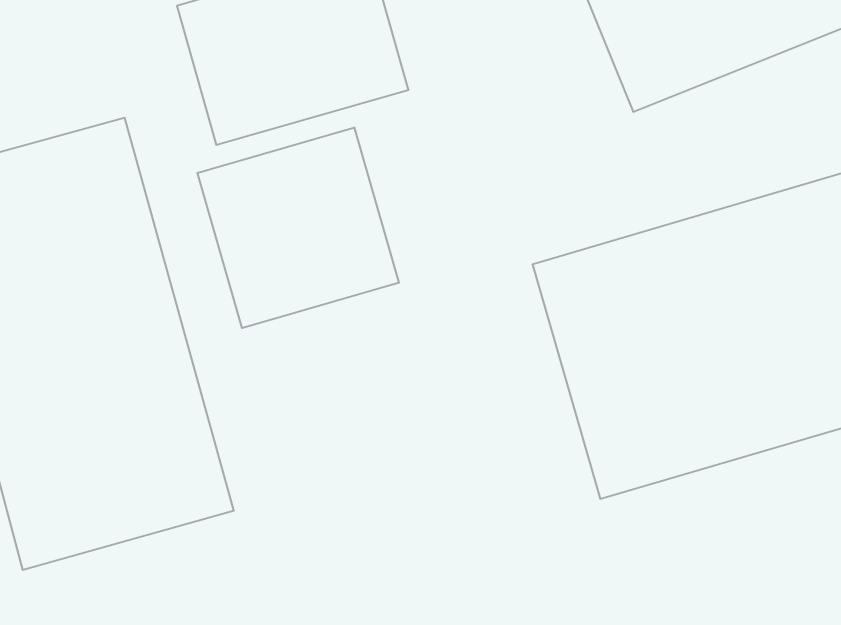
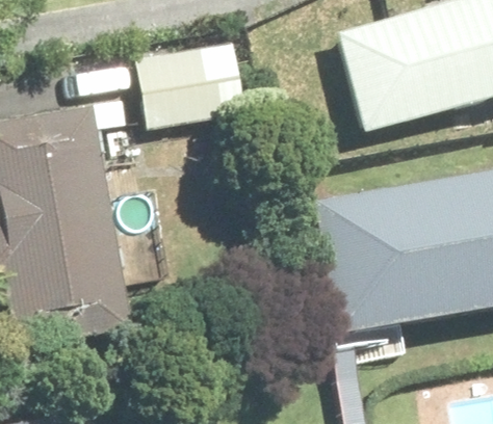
building: [198,127,399,328] -> none

